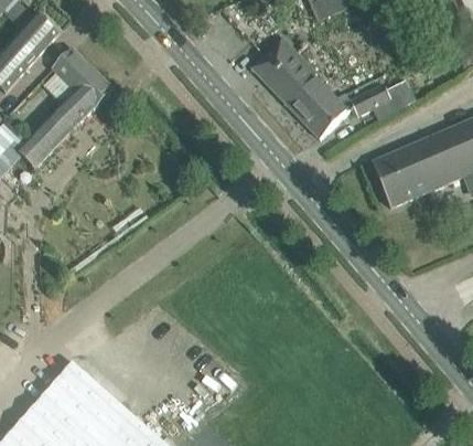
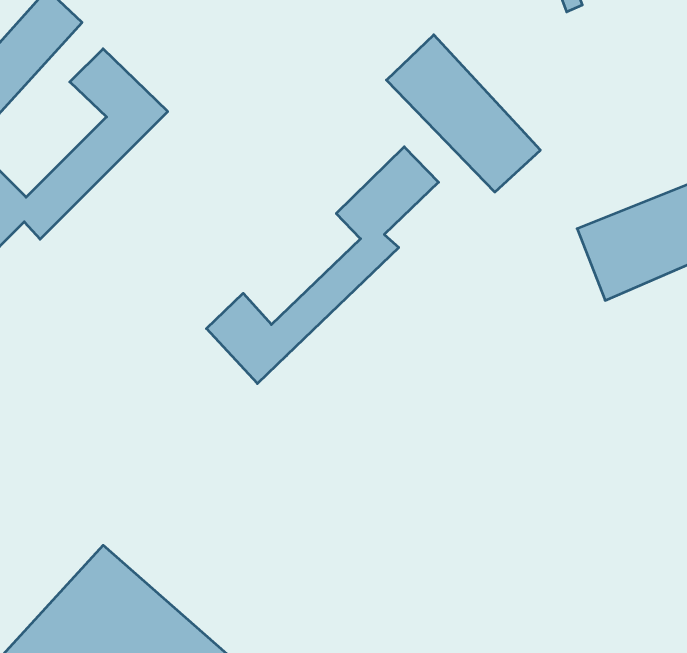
building: [348,78,416,120] -> none
building: none -> [206,147,439,384]

